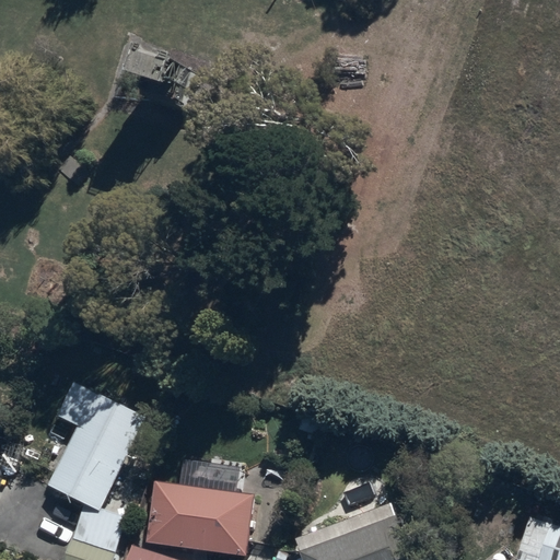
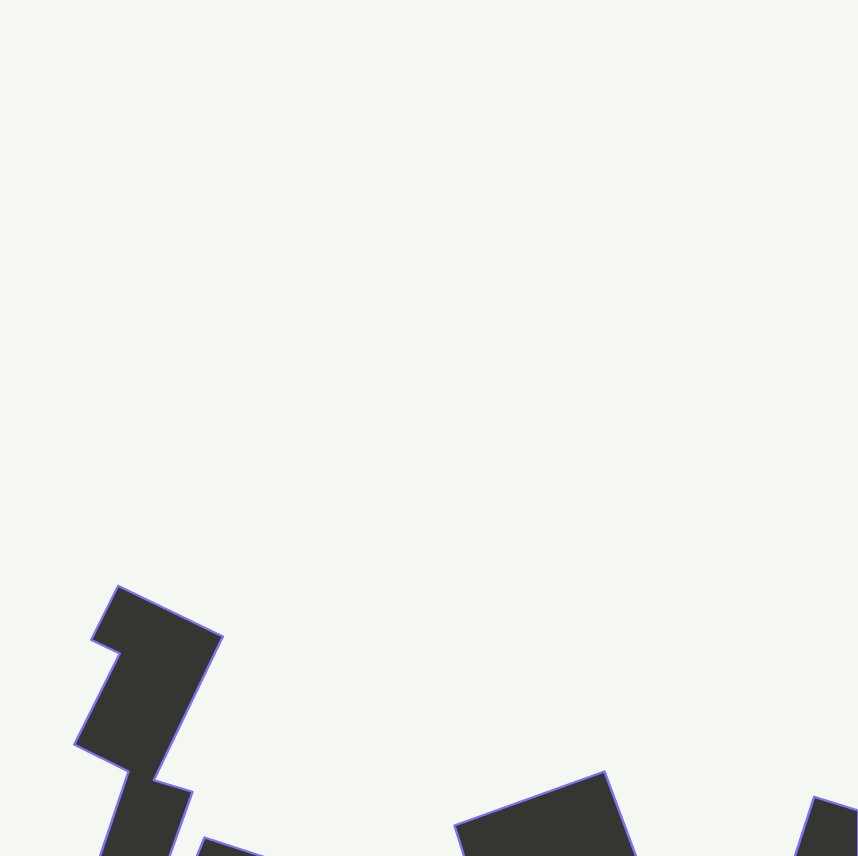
building: [147,481,252,555] -> none

